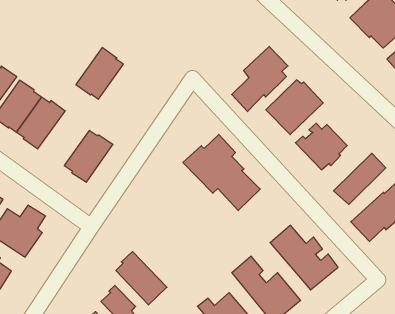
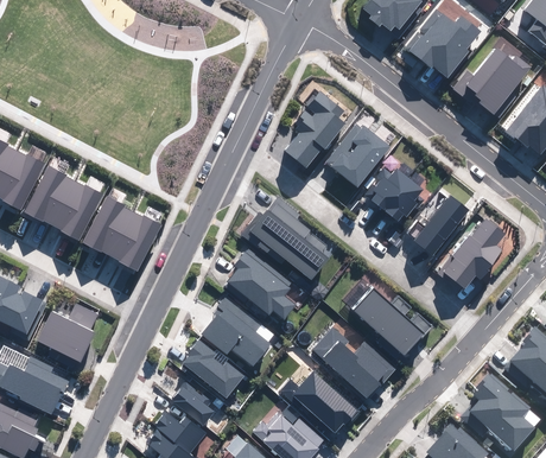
building: [76,47,123,99] -> [83,197,133,255]
building: none -> [228,247,296,319]
building: none -> [202,298,273,365]

